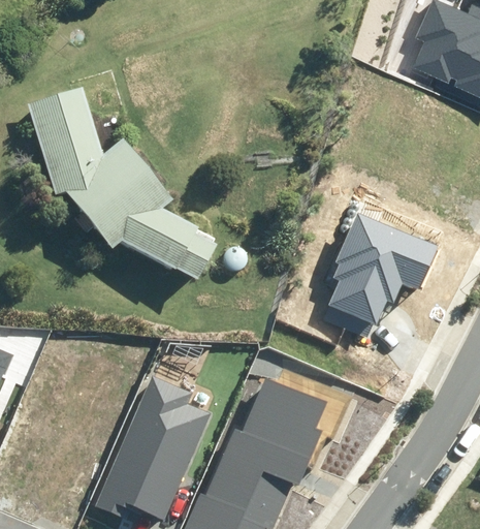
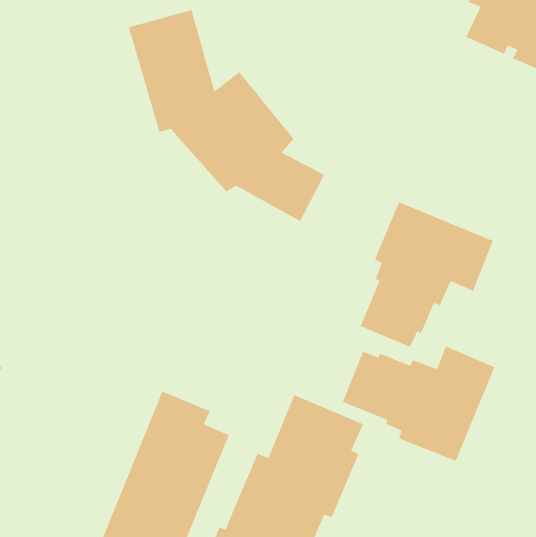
building: [30,89,201,274] -> [128,9,325,222]
building: none -> [342,345,495,462]

